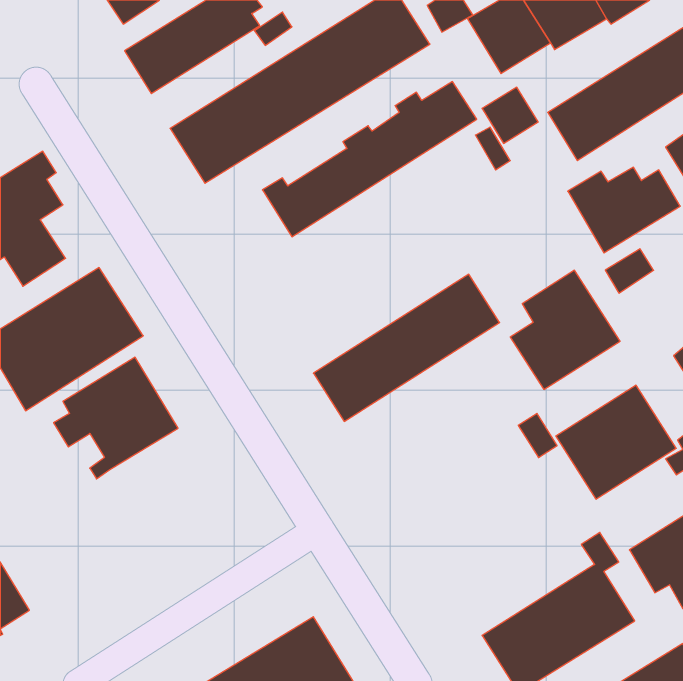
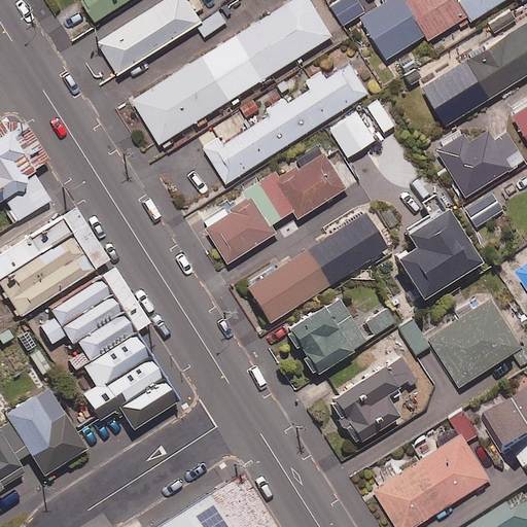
building: [482,87,538,143] -> [330,113,374,156]
building: none -> [203,153,346,265]
building: none -> [284,298,394,377]
building: none -> [85,331,182,429]
building: none -> [329,359,414,446]
building: none -> [6,388,87,477]

